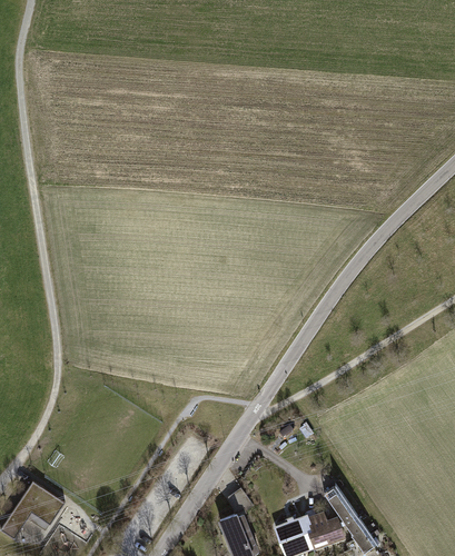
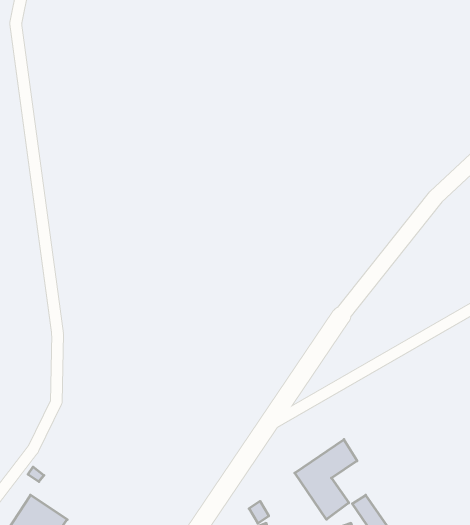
building: none -> [295,439,357,519]

